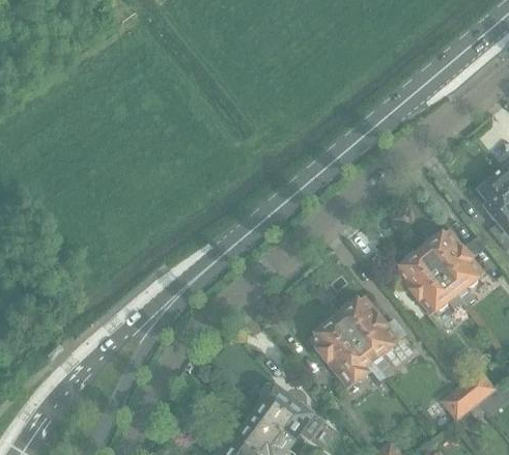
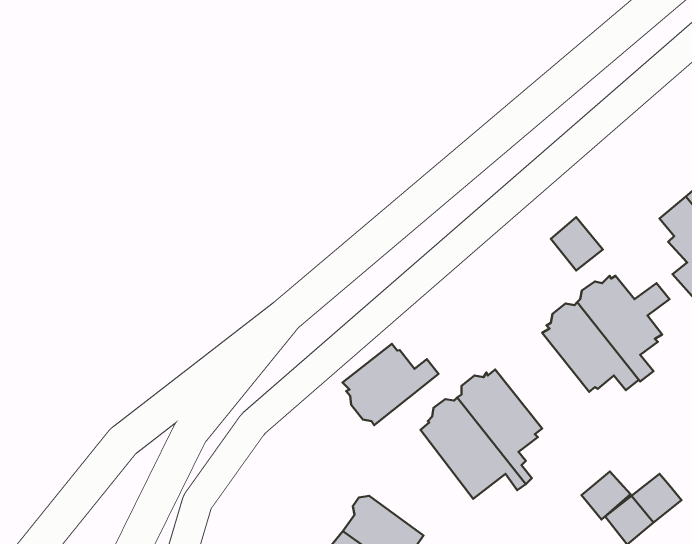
building: none -> [551,217,603,271]
building: none -> [343,344,439,425]
building: none -> [581,471,631,520]

